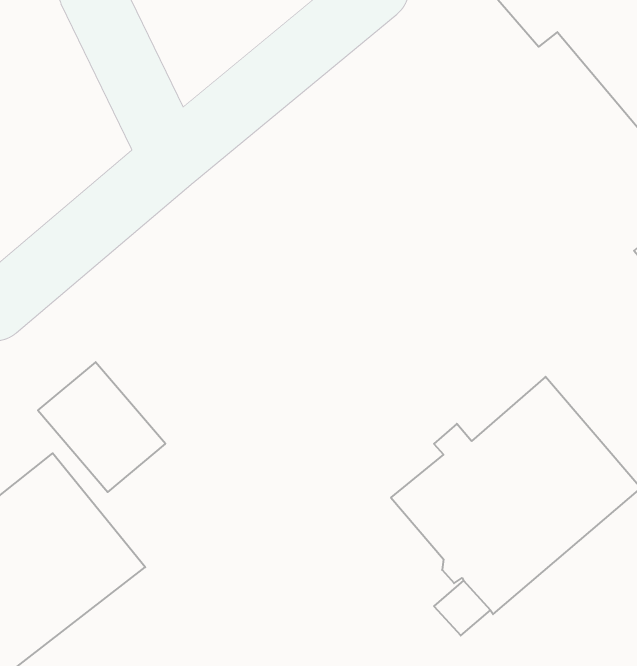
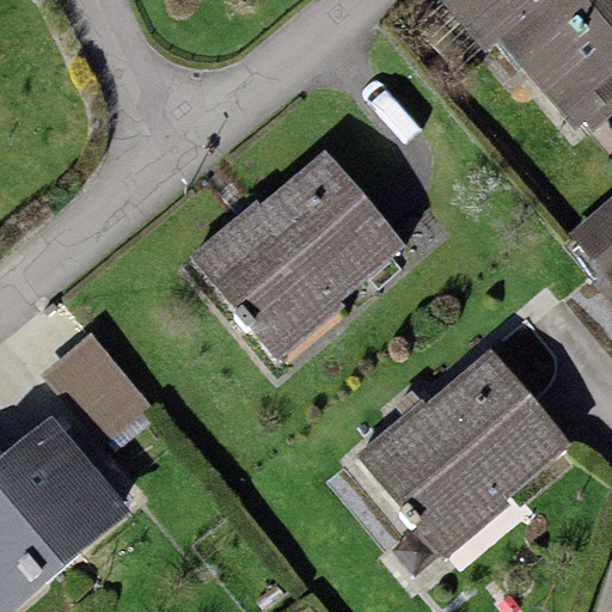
building: none -> [190,149,406,355]

